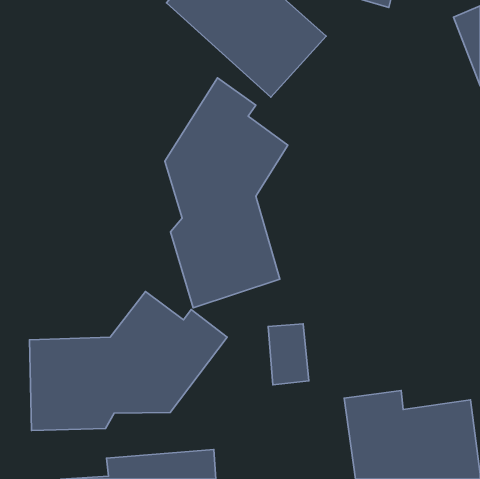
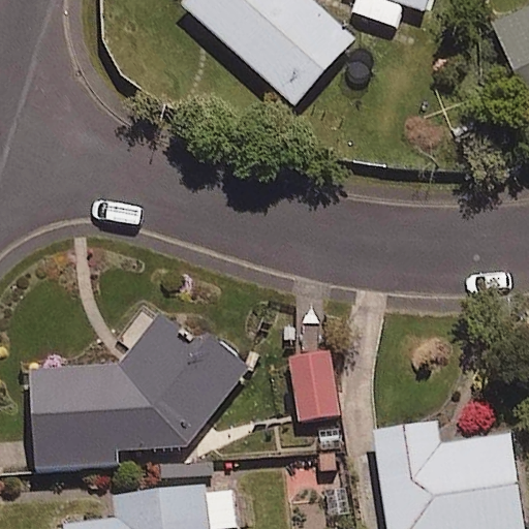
building: [165,78,288,308] -> none

